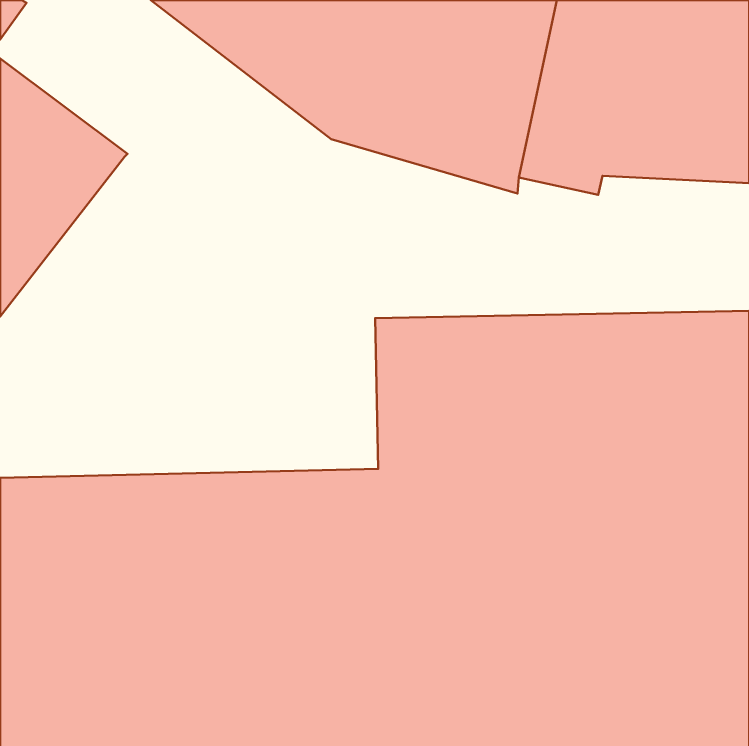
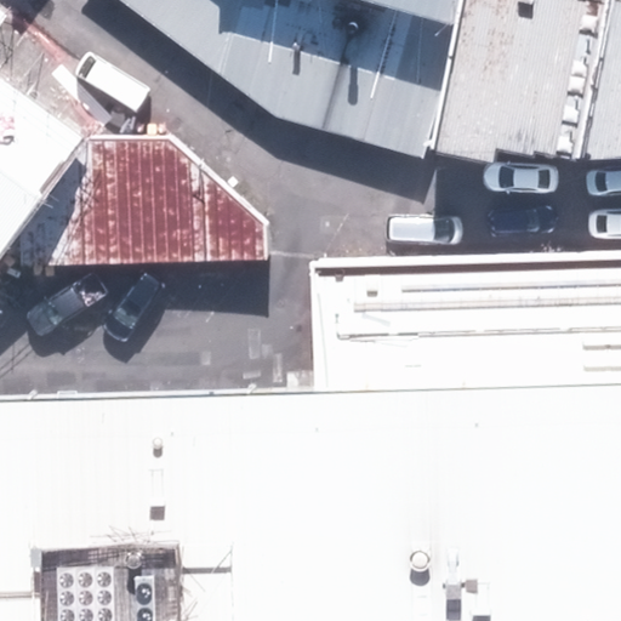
building: none -> [30,131,279,266]

